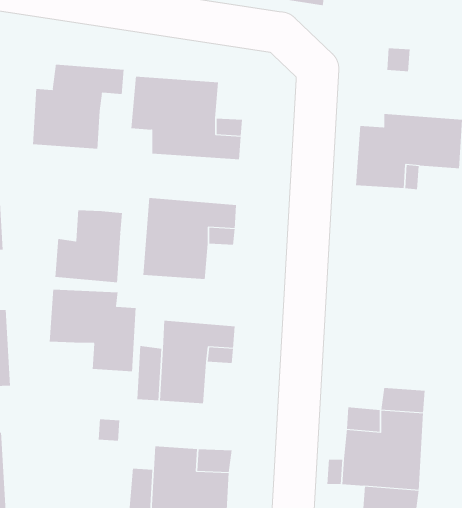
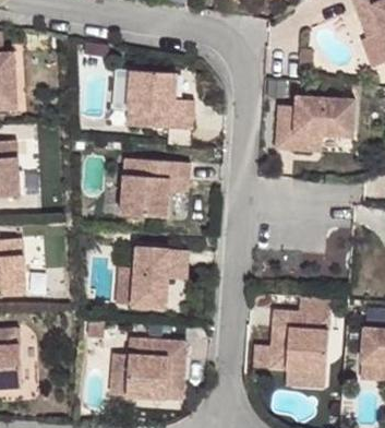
building: [32,64,124,150] -> none
building: [55,210,122,283] -> none
building: [49,289,136,372] -> none

